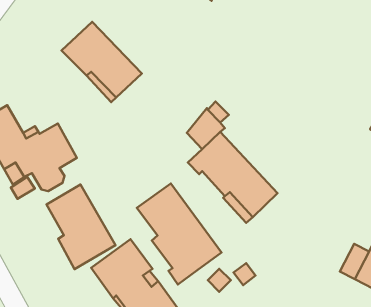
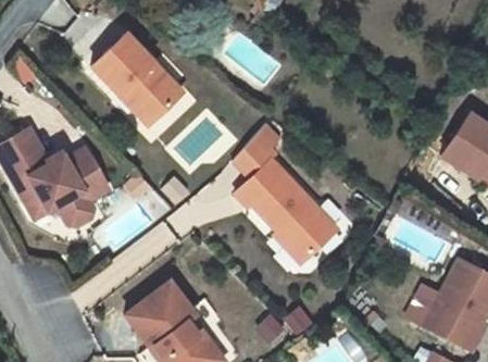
building: [137,183,222,285] -> none
building: [46,184,115,269] -> none

